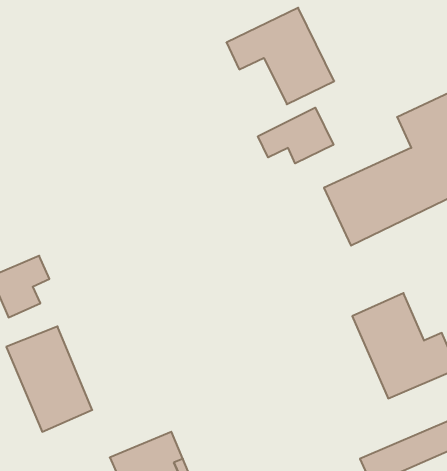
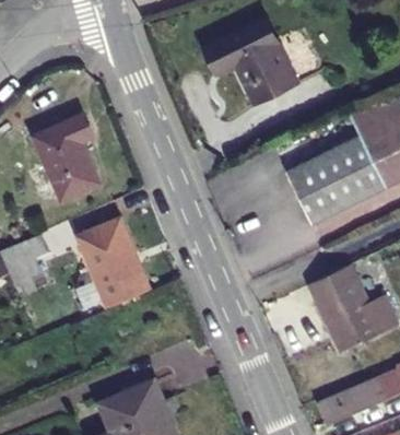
building: [258,108,333,163] -> none
building: none -> [33,115,99,199]
building: [6,326,92,432] -> [77,215,150,305]

